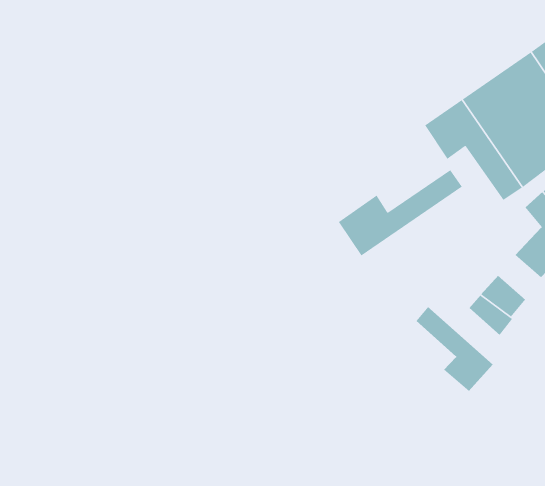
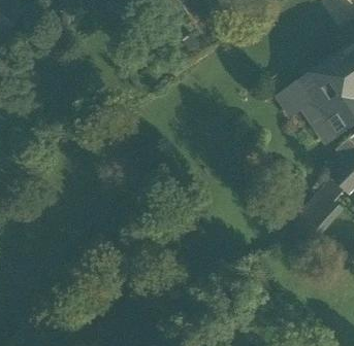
building: [338,169,463,257] -> none
building: [415,306,493,392] -> none

